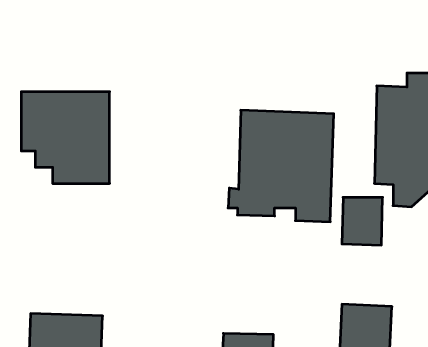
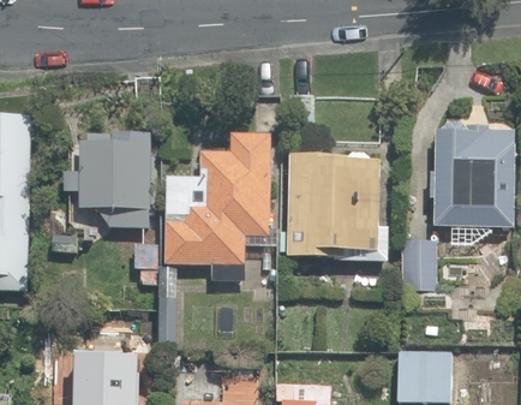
building: none -> [166,132,276,264]

